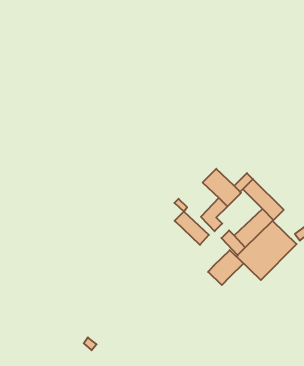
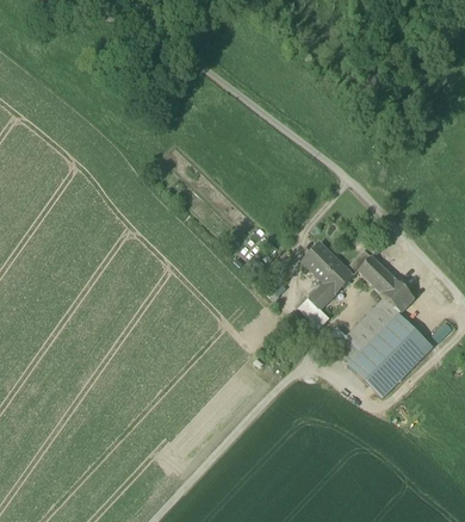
building: [175,212,209,245] -> none
building: [208,250,243,285] -> none

